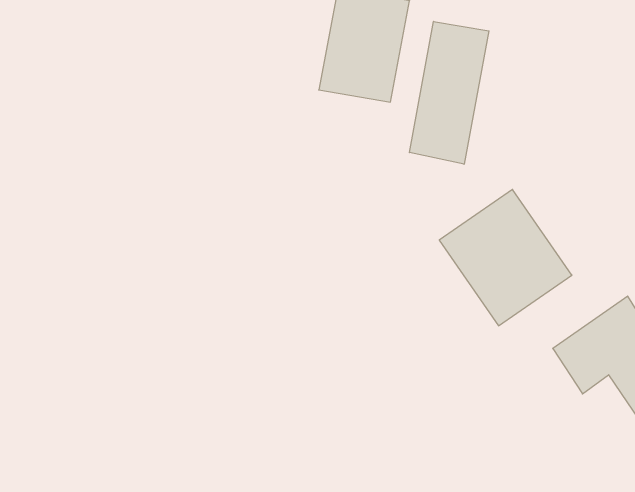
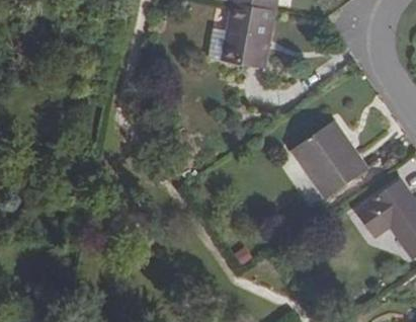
building: [409,21,489,164] -> none

